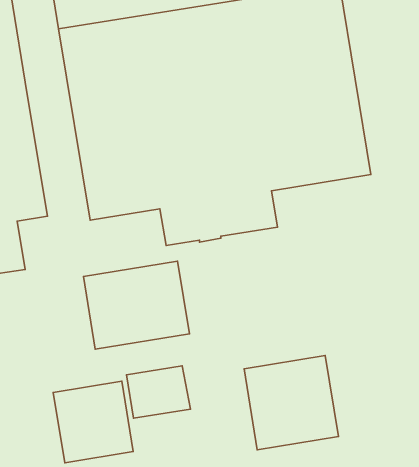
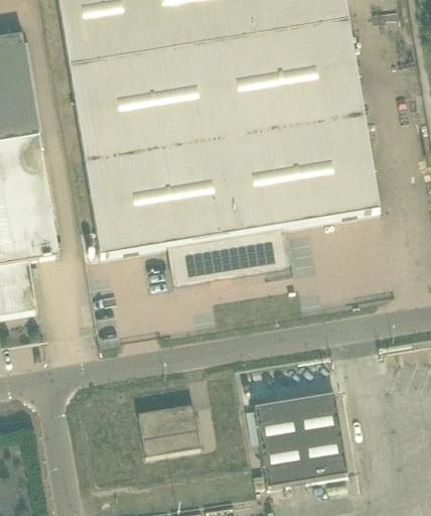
building: [83,261,189,349] -> none
building: [53,381,133,463] -> none

